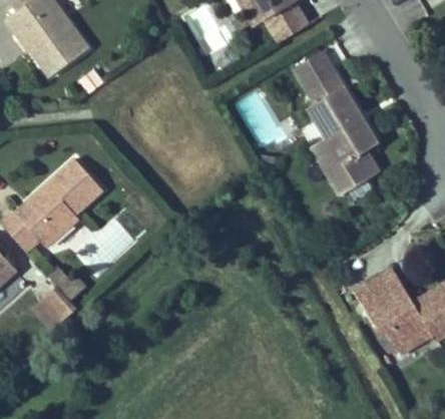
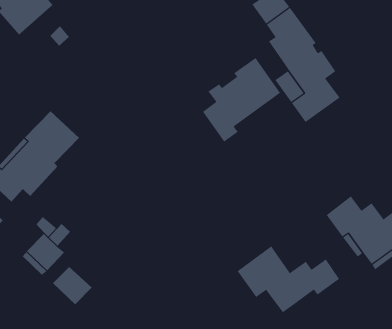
building: none -> [202,57,281,143]
building: none -> [237,245,340,313]
building: none -> [52,266,92,305]

